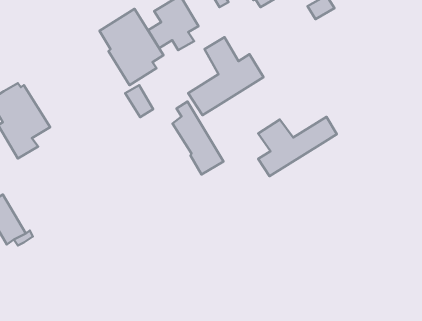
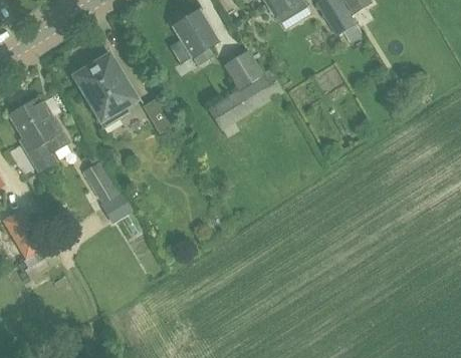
building: [99,9,164,85] -> [72,51,137,127]
building: [172,101,223,174] -> [82,149,134,223]
building: [258,117,337,176] -> none

